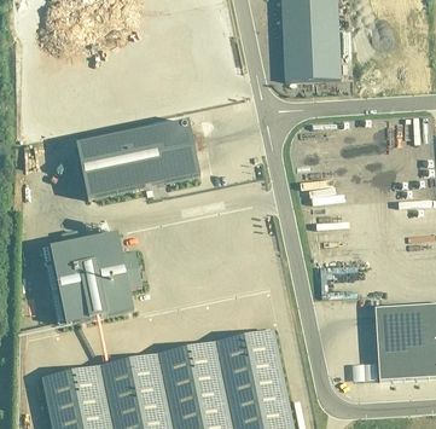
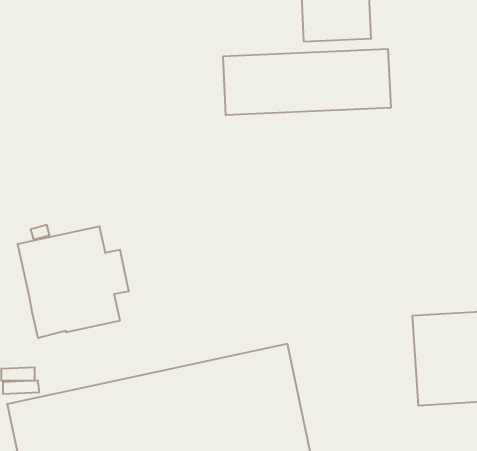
building: none -> [223,49,391,115]
building: [76,118,199,197] -> none

